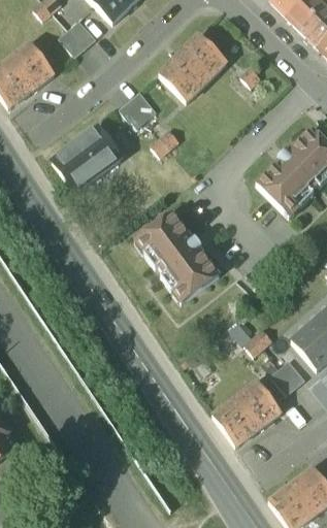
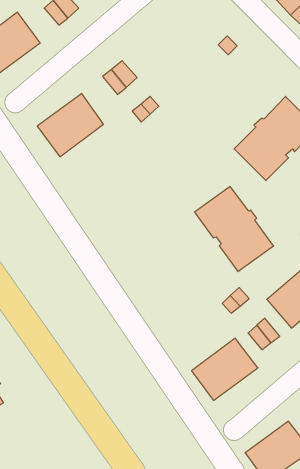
building: [159,33,227,101] -> none
building: [136,213,219,302] -> [194,186,274,272]

